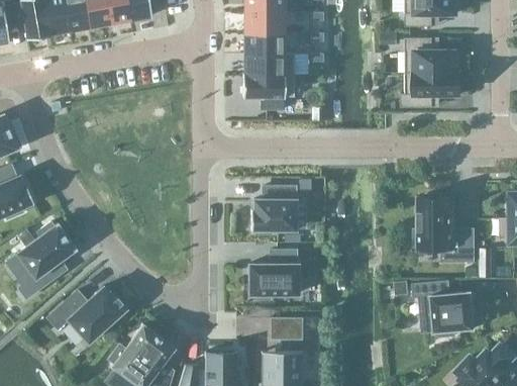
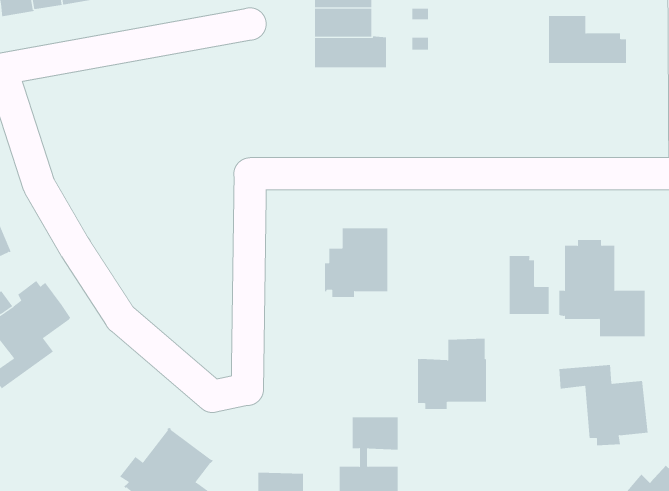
building: [402,71,461,106] -> none
building: [243,73,295,109] -> none
building: none -> [509,255,549,315]
building: [249,249,298,298] -> [417,338,487,409]
building: [47,285,127,341] -> none

